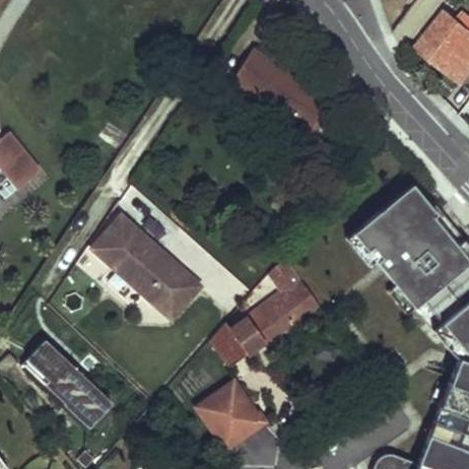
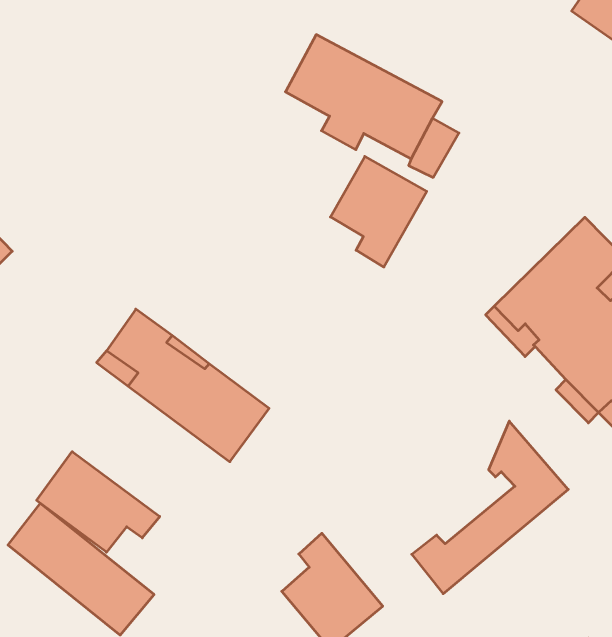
building: none -> [330,156,427,267]
building: [213,257,319,365] -> [412,421,568,594]
building: none -> [37,452,160,552]

